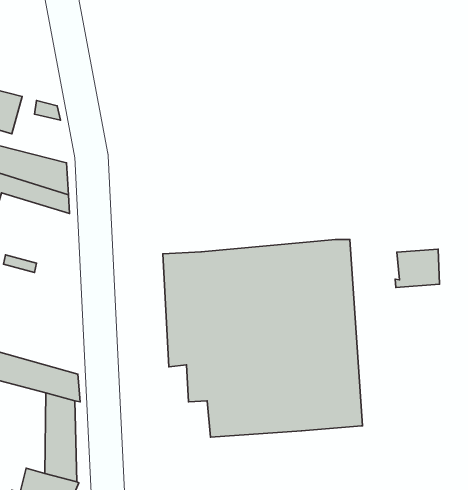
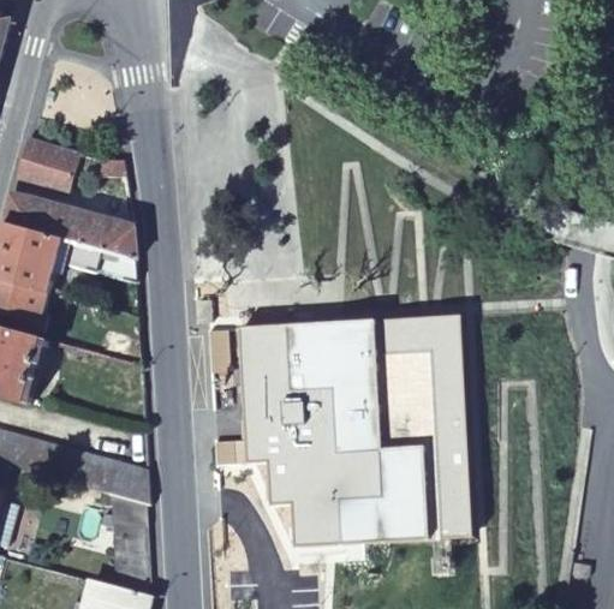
building: [395,249,440,287] -> none

